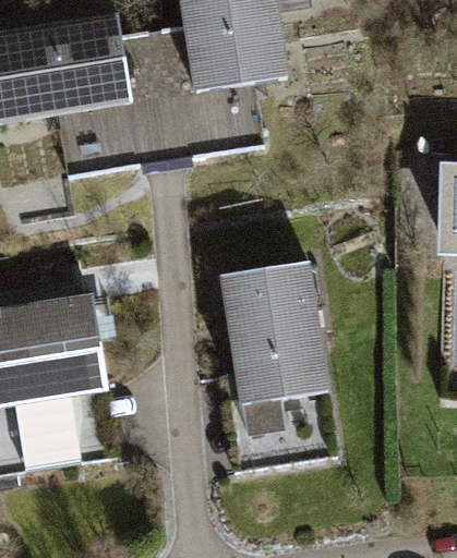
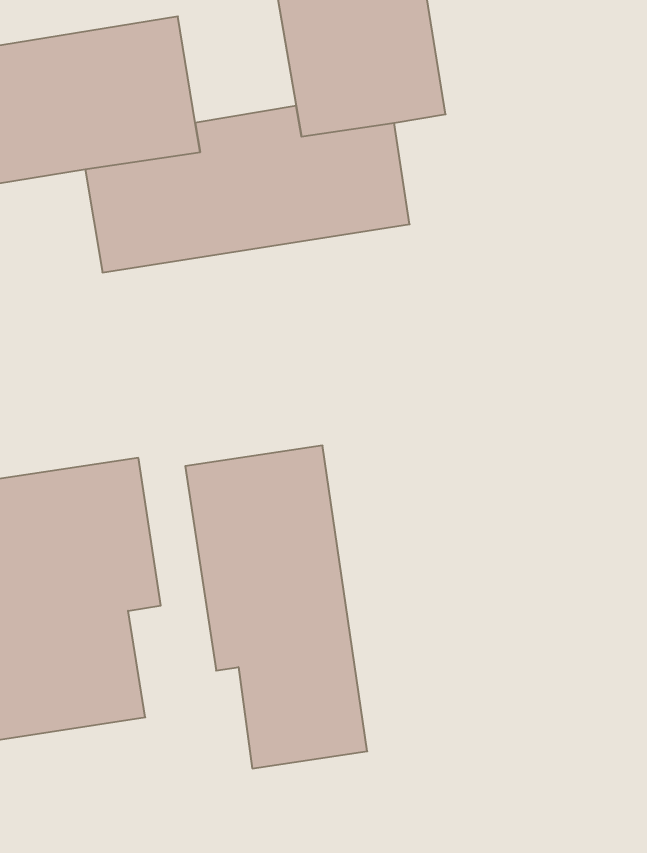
building: [220,257,336,462] -> [185,446,367,768]

